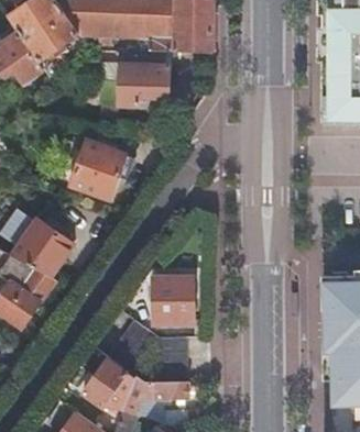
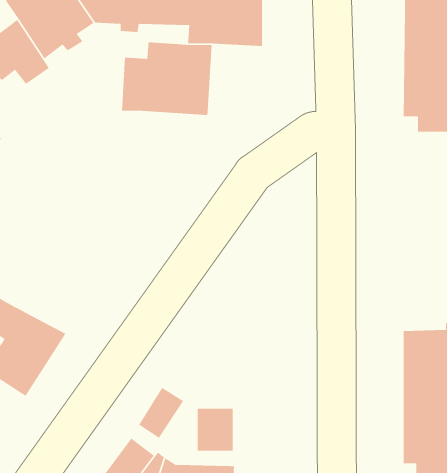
building: [68,141,133,199] -> none
building: [12,218,74,276] -> none
building: [150,276,192,325] -> none

